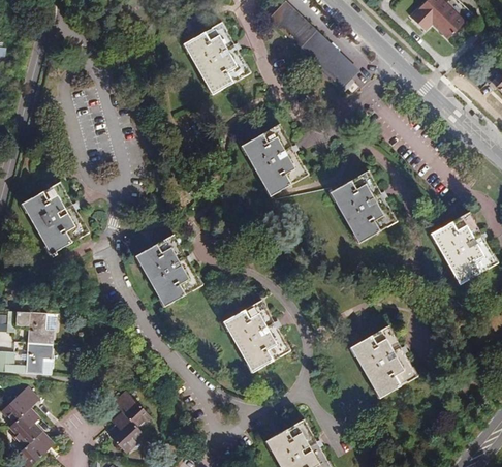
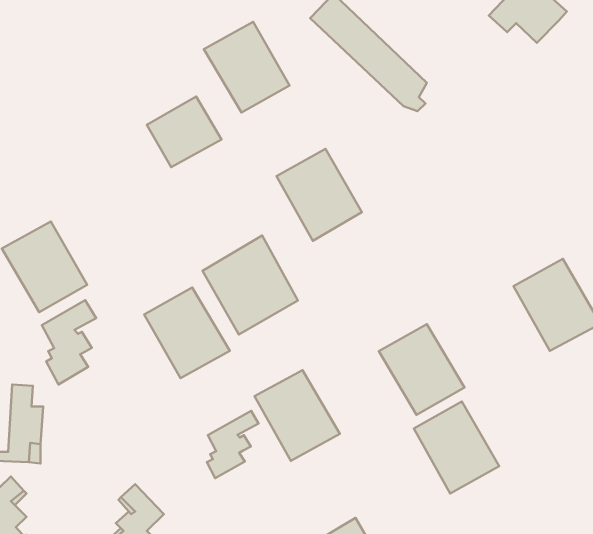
building: none -> [147,97,222,167]
building: [328,170,397,243] -> [379,324,464,415]
building: none -> [202,235,298,334]
building: none -> [42,300,96,384]
building: none -> [207,411,259,478]

